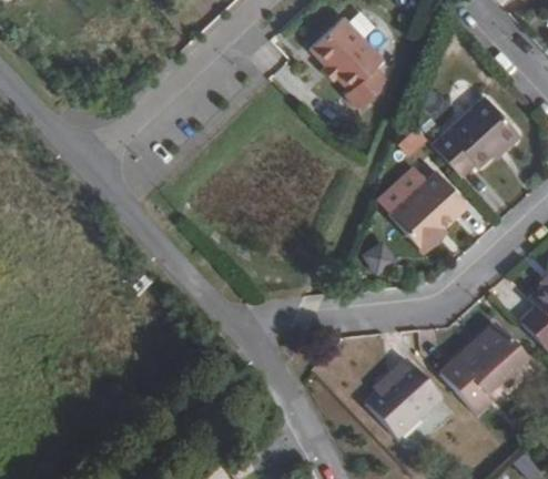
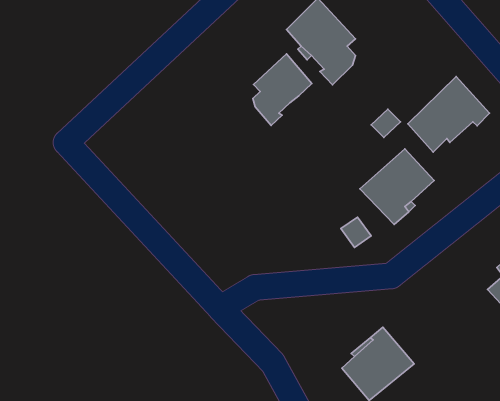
building: none -> [253,54,312,125]
building: [442,325,525,415] -> none

